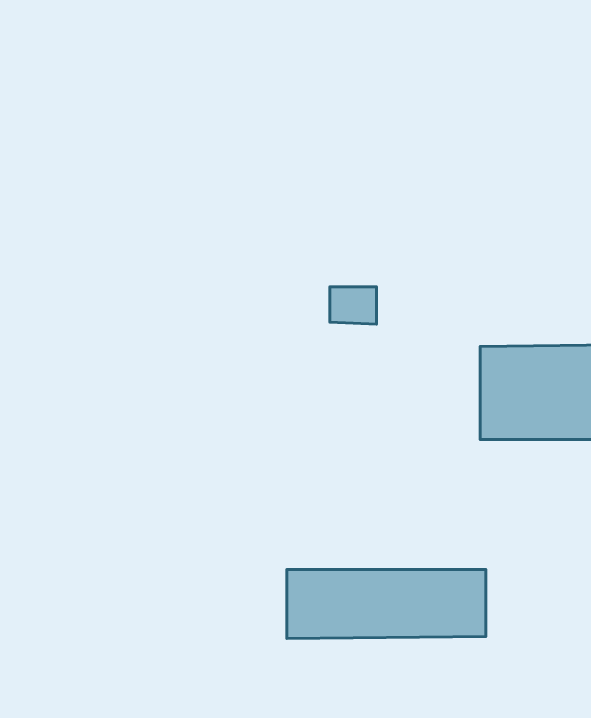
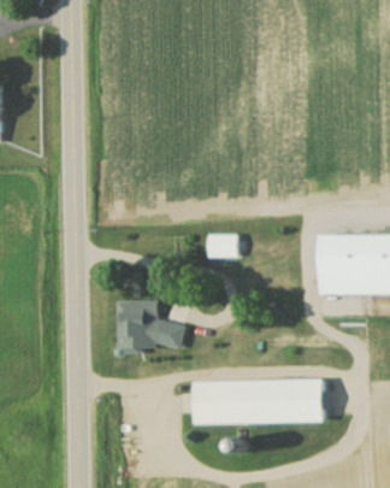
building: [330,287,376,324] -> [208,234,238,258]
building: none -> [118,300,183,347]

